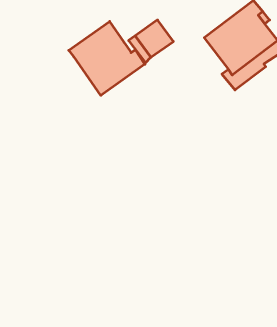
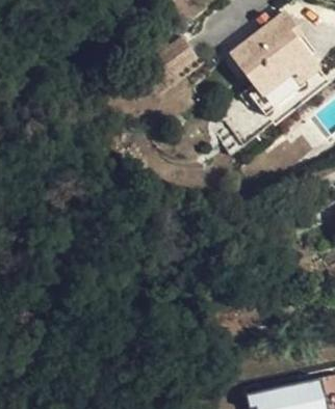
building: [69,21,145,95] -> none

